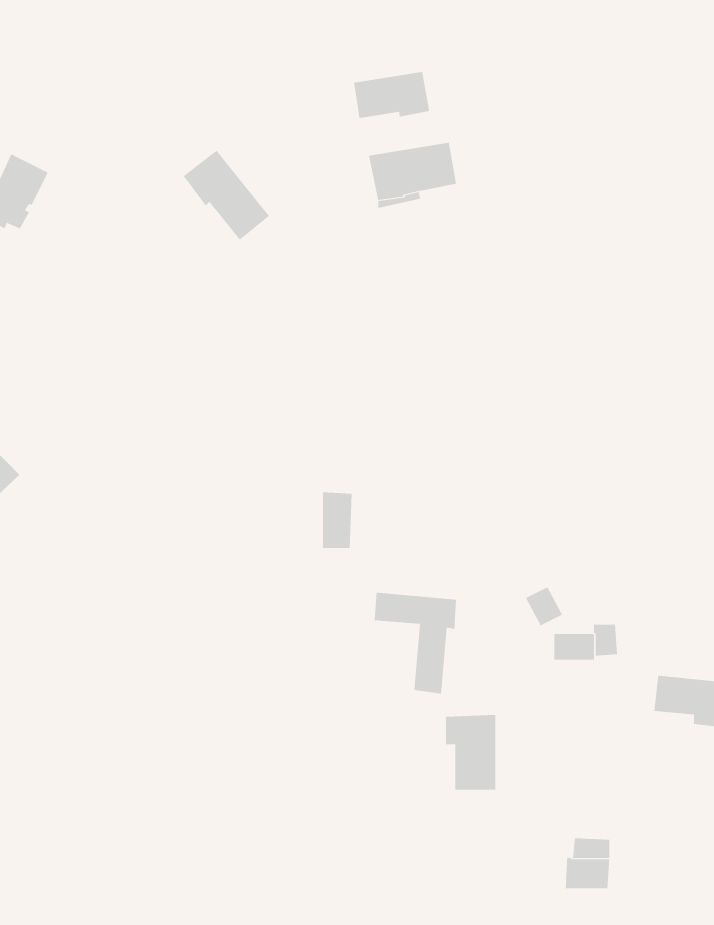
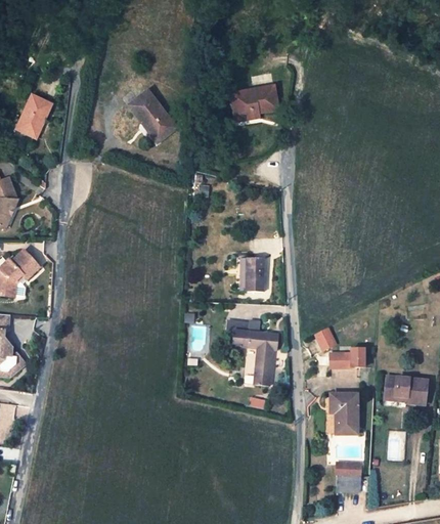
building: [354,71,430,119] -> none
building: [322,492,352,548] -> [246,258,262,289]
building: [445,715,496,790] -> [328,392,356,433]

